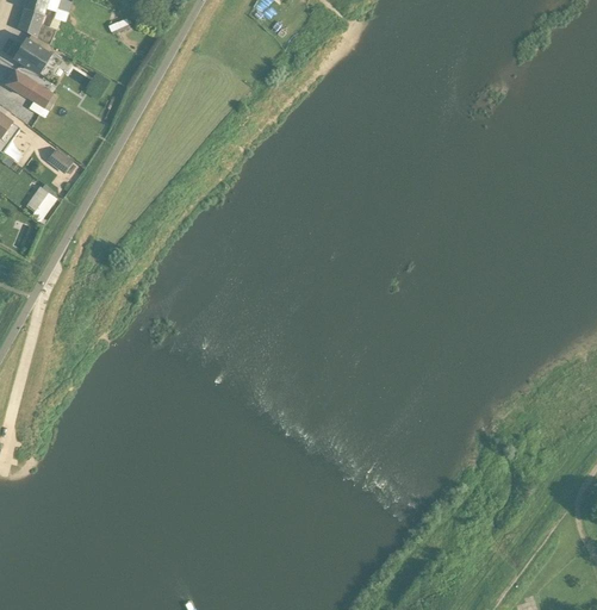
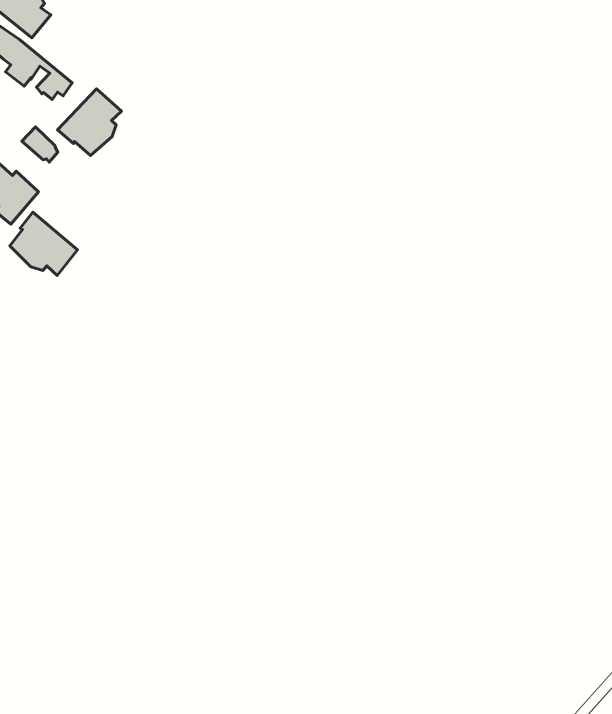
building: none -> [58,89,122,156]
building: none -> [10,212,77,275]

